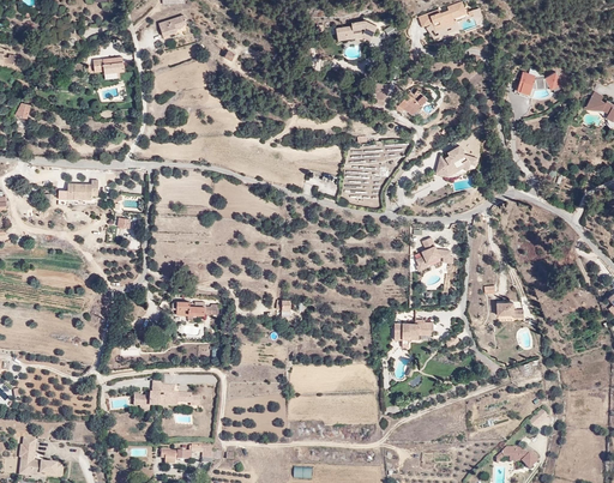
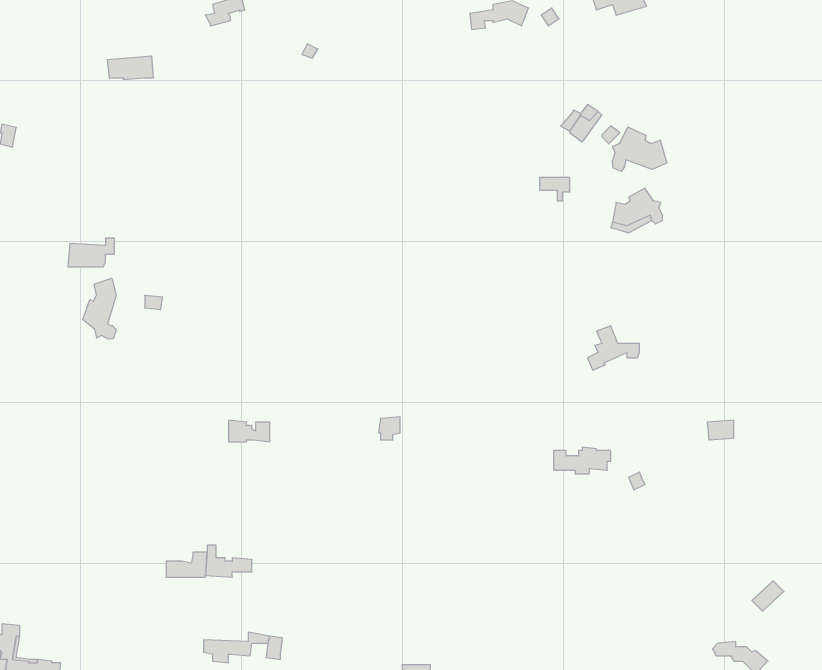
building: [517,71,562,95] -> none
building: none -> [612,127,667,171]
building: none -> [83,278,116,339]

